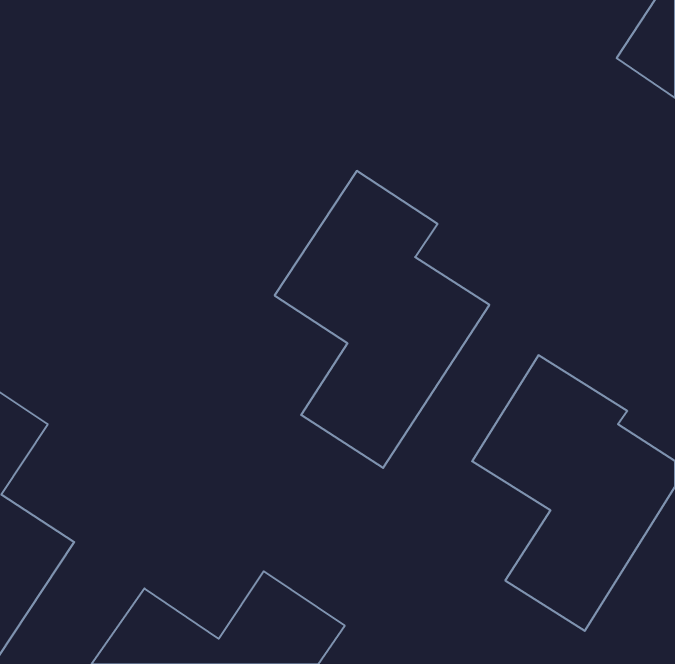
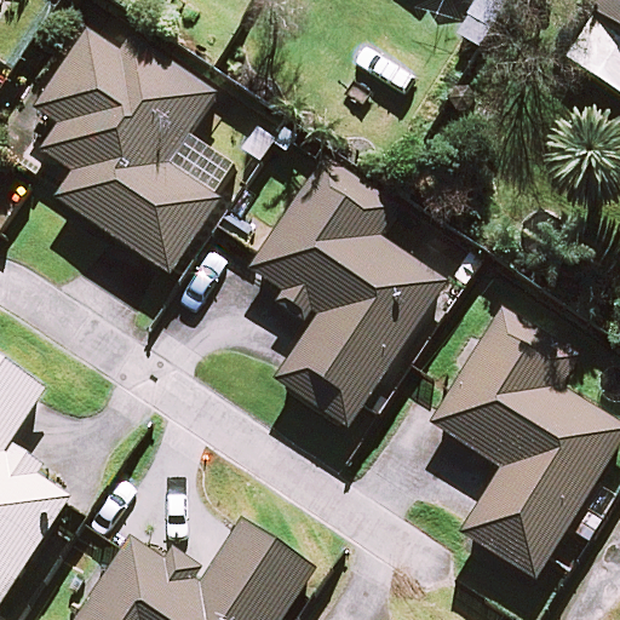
building: none -> [35,29,239,271]

